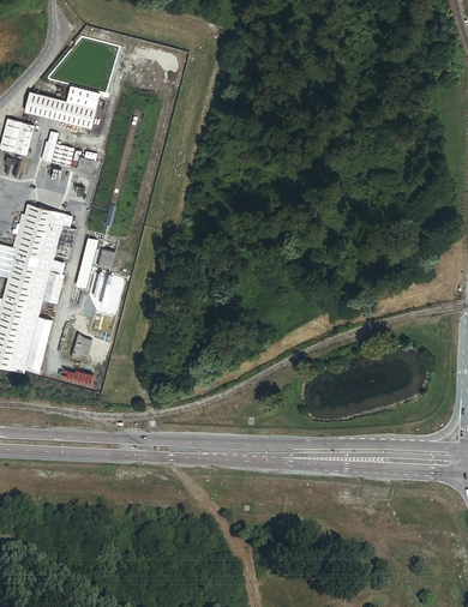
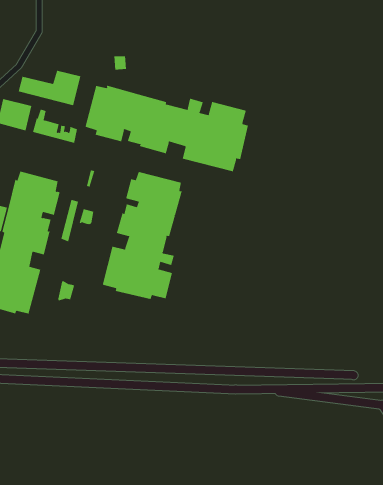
building: none -> [85,85,249,172]
building: none -> [102,171,182,300]

